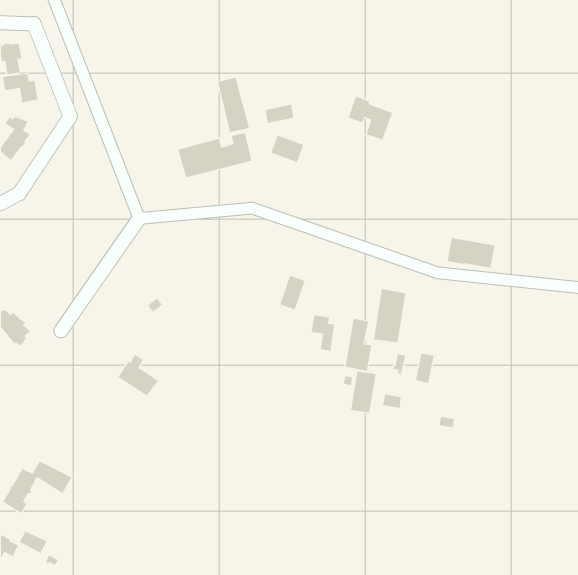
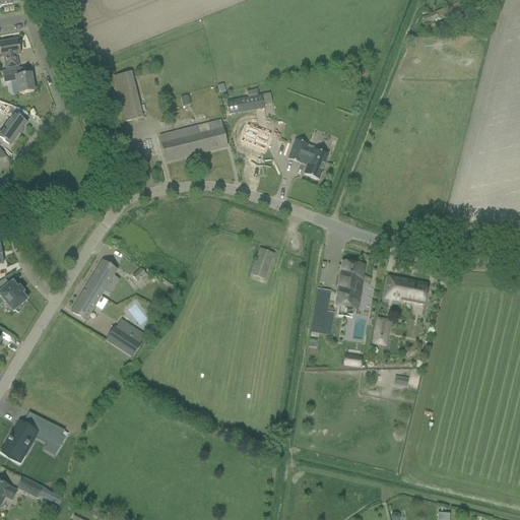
building: [217,77,250,133] -> [114,70,143,120]
building: [348,96,393,140] -> [287,138,328,178]
building: [447,237,495,268] -> [384,275,428,303]
building: none -> [71,259,117,319]
building: [311,315,335,352] -> none
building: [351,371,376,413] -> none

